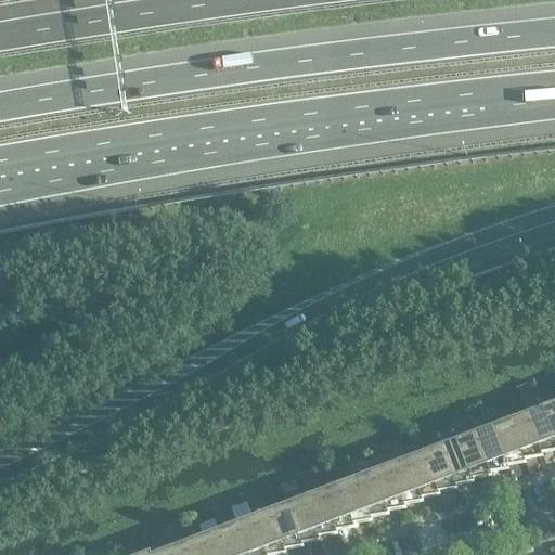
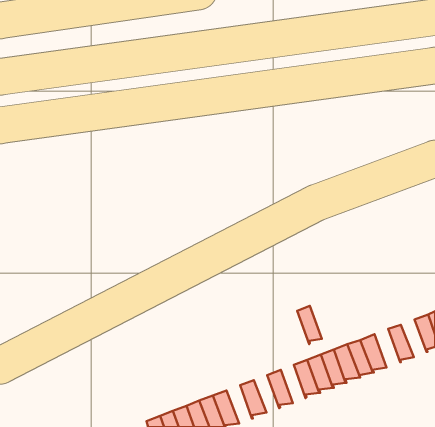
building: [511,406,543,454] -> none
building: [477,418,509,467] -> none
building: [358,464,389,513] -> [297,306,322,344]
building: [323,477,356,525] -> none
building: [288,490,321,539] -> none

